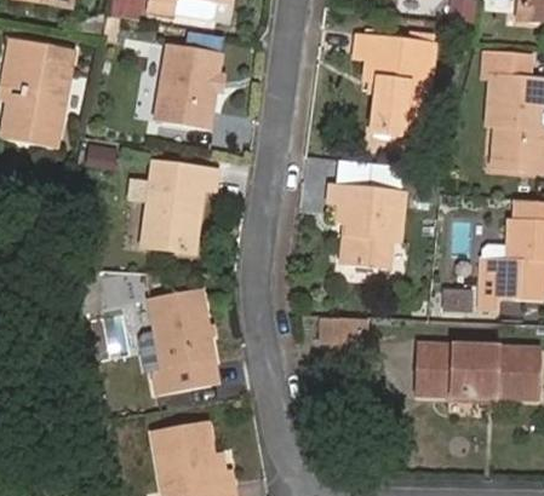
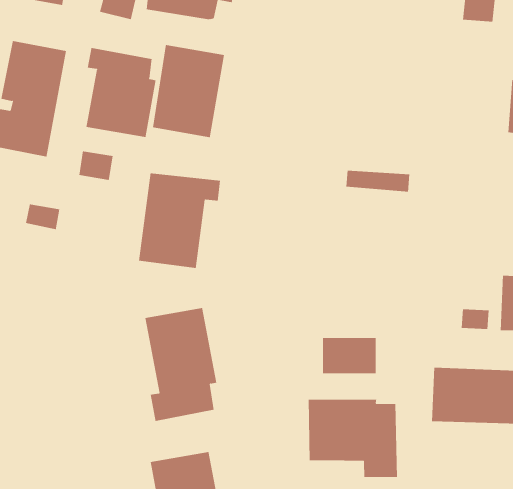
building: [354,17,435,134] -> none
building: none -> [86,47,156,138]
building: [327,186,405,269] -> none
building: none -> [308,399,397,478]

